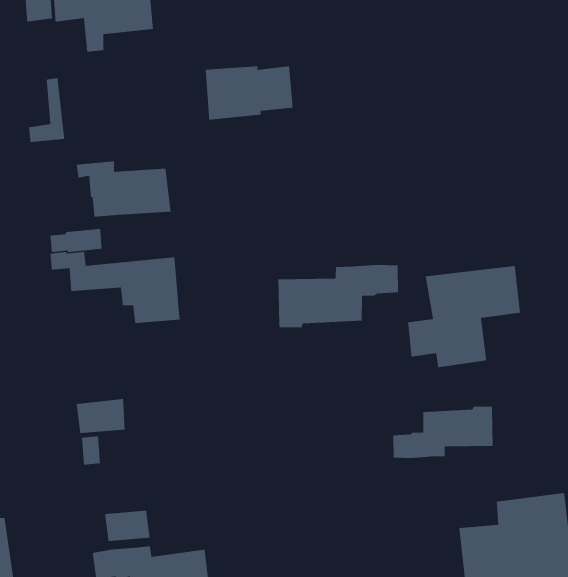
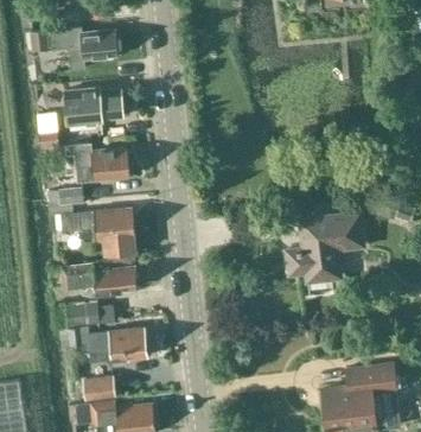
building: [205,65,293,120] -> [64,89,123,126]
building: [277,264,399,328] -> none
building: none -> [62,263,136,296]
building: [392,406,494,459] -> none
building: none -> [87,328,147,367]

